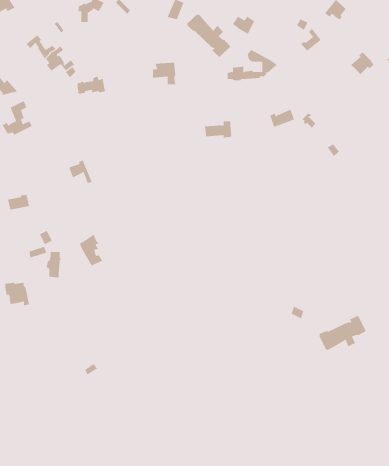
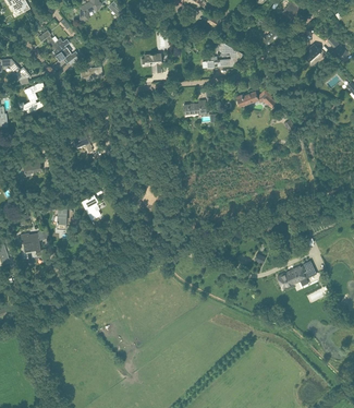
building: [186,13,231,58] -> none

